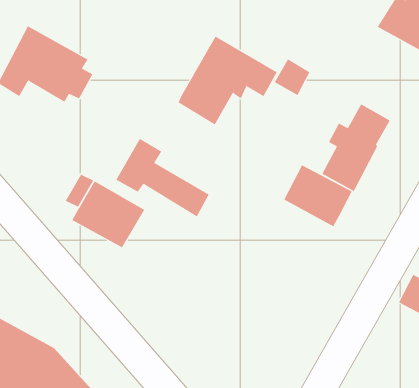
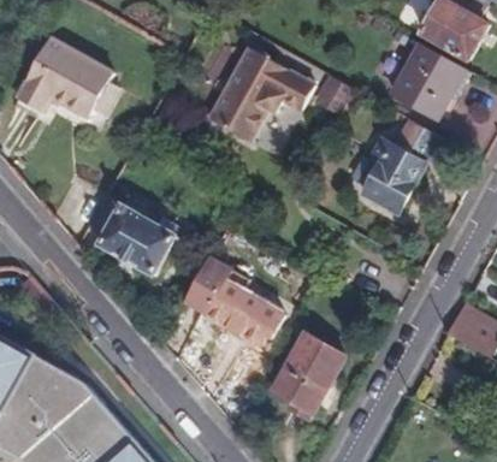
building: none -> [395,46,454,109]
building: [116,138,209,217] -> [182,255,282,339]
building: [284,165,352,227] -> none
building: none -> [272,336,342,413]

